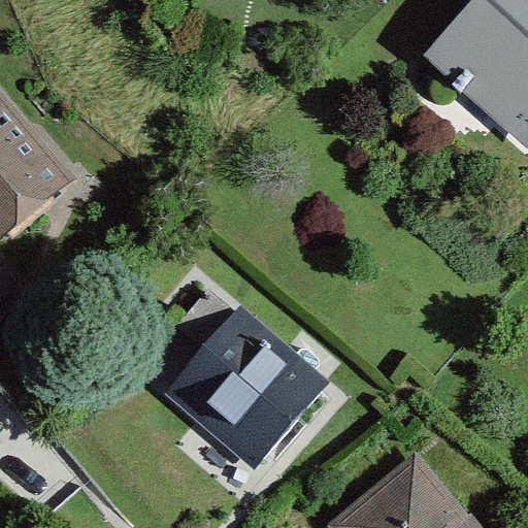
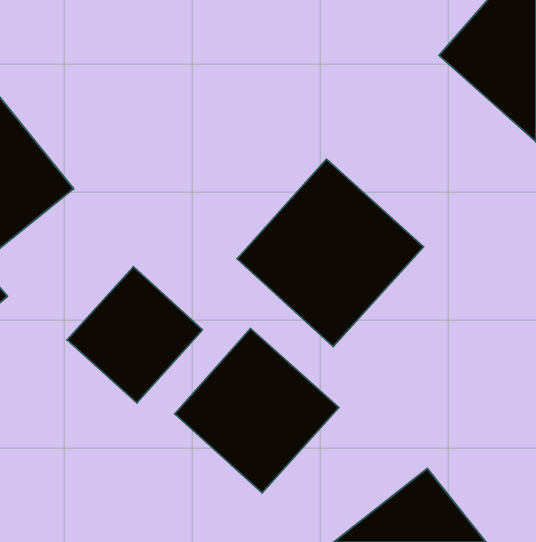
building: none -> [237,159,424,347]
building: none -> [67,267,202,403]

